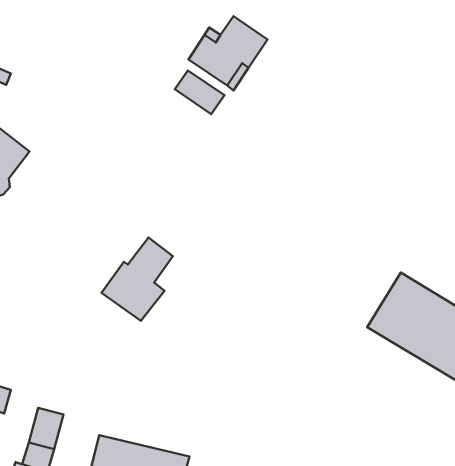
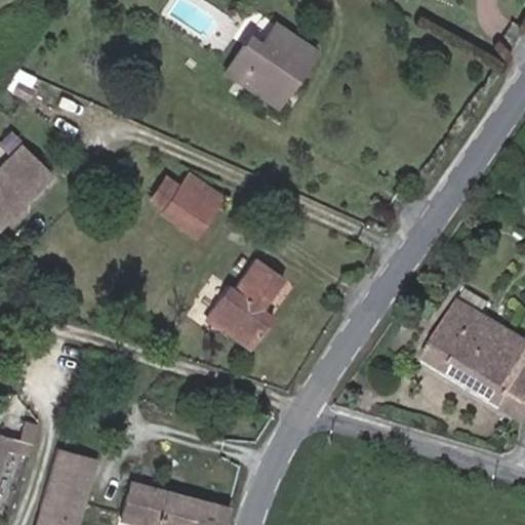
building: [175,70,224,114] -> none
building: none -> [162,173,220,234]
building: [101,237,173,321] -> [205,257,283,349]

